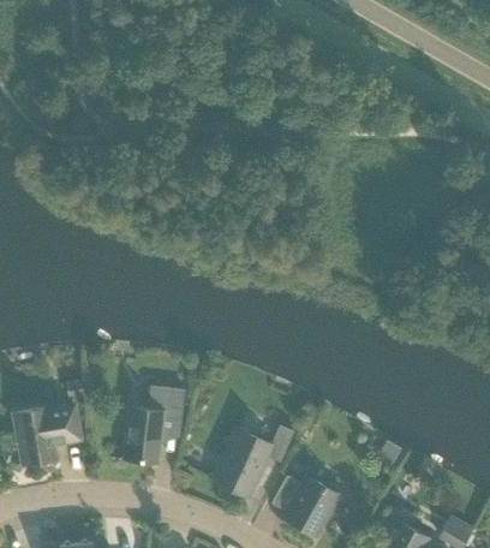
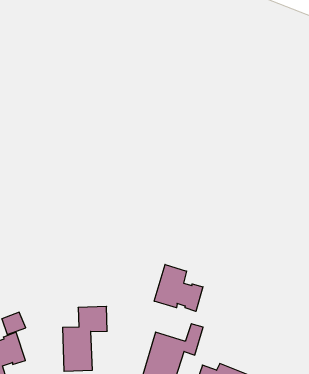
building: none -> [154,264,203,311]

